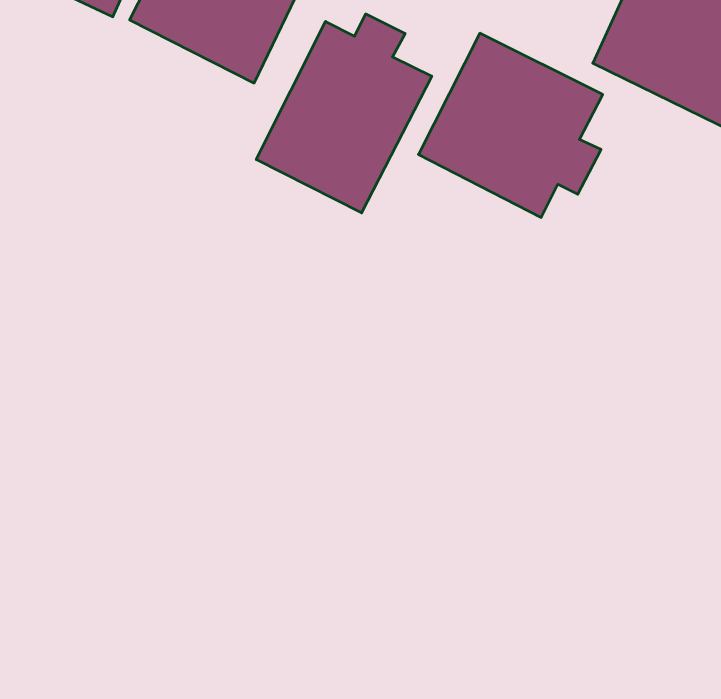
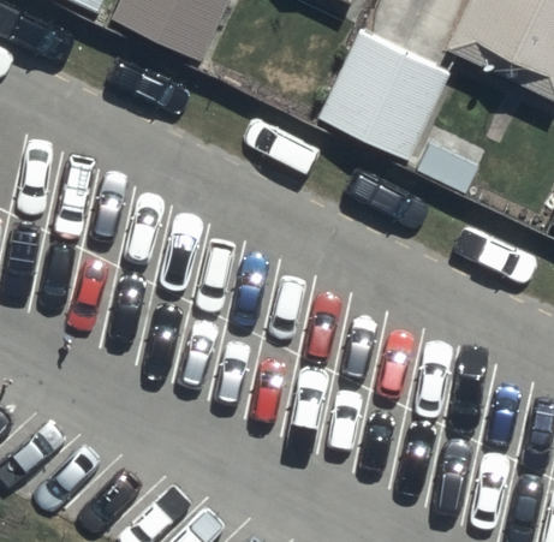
building: [256,14,432,213] -> none

